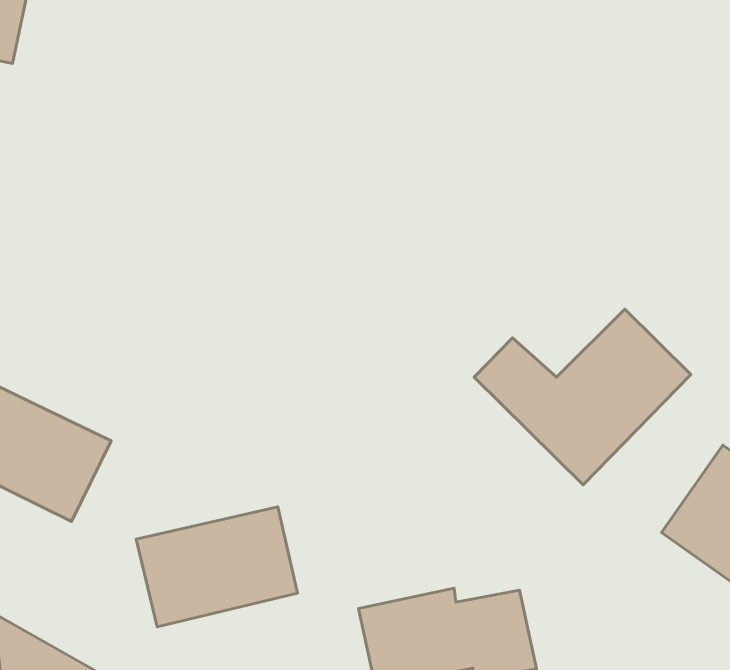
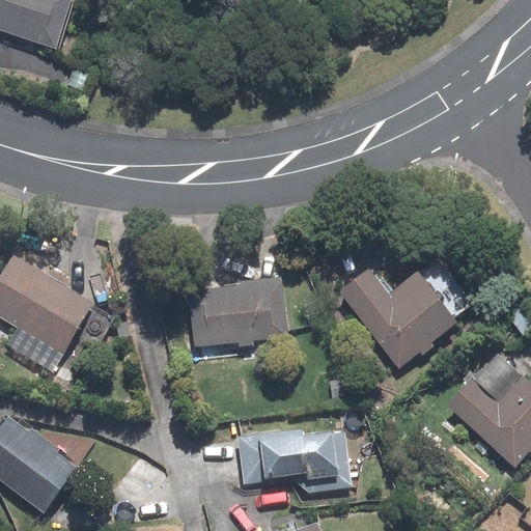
building: [136,507,297,627] -> [186,278,287,347]

